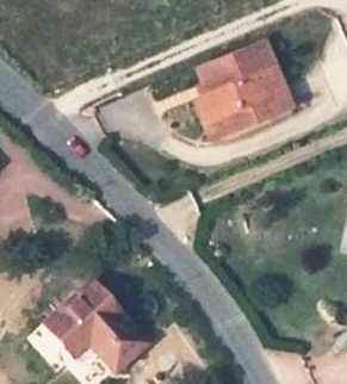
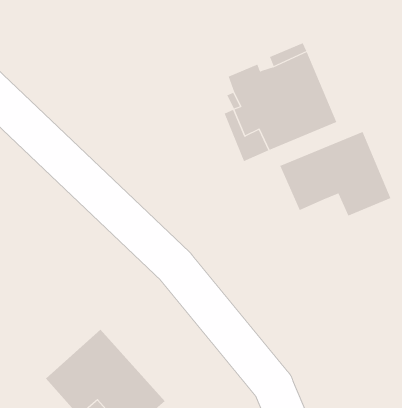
building: none -> [279,131,391,217]

